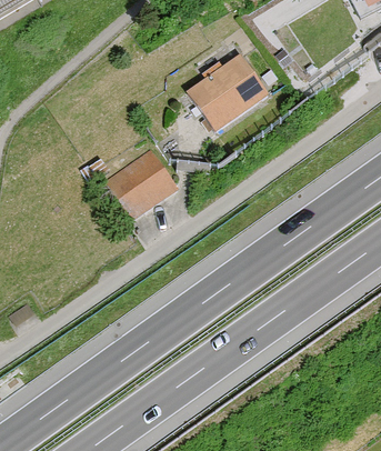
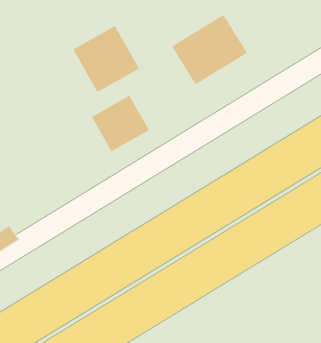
building: none -> [73,25,140,93]

